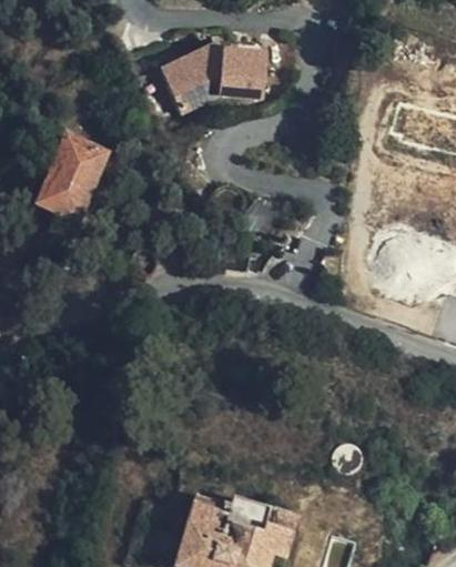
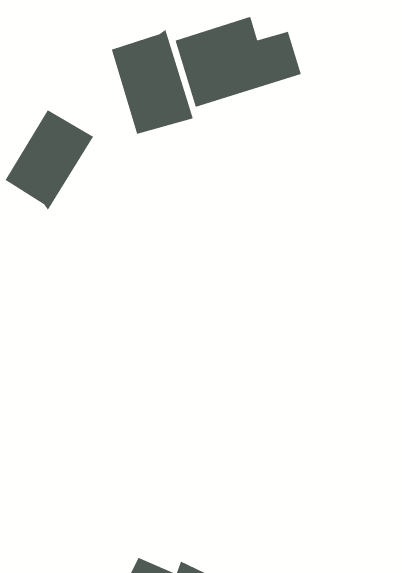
building: none -> [111,28,194,135]

